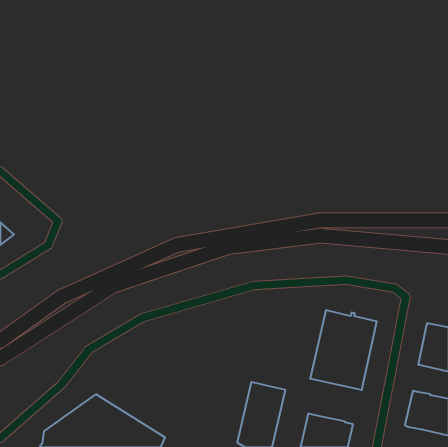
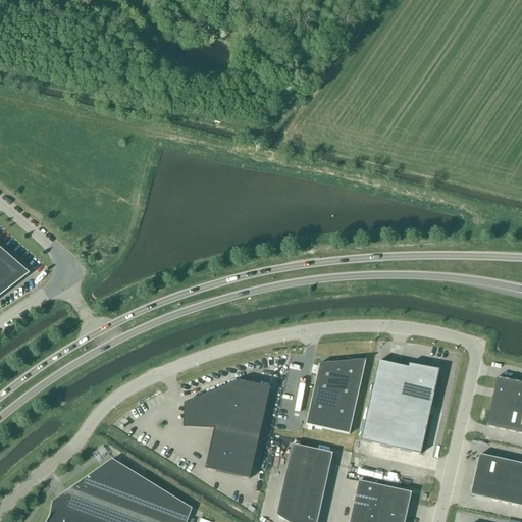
building: none -> [306,357,367,433]
building: none -> [187,381,270,477]

